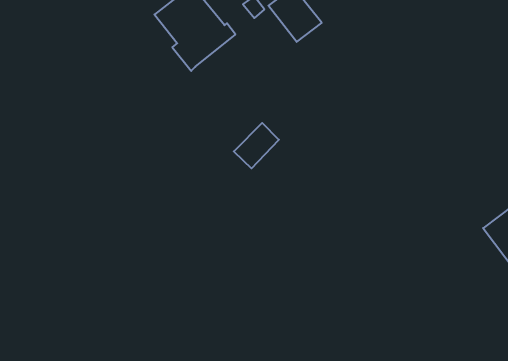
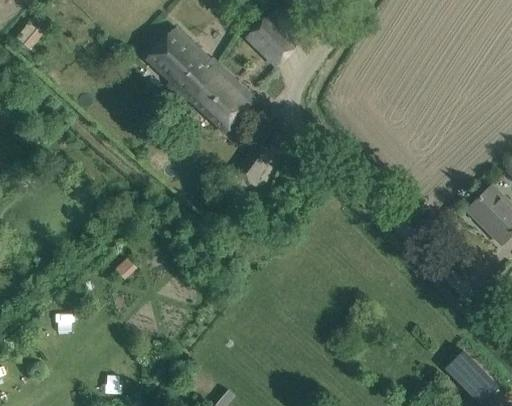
building: none -> [189,66,256,133]

